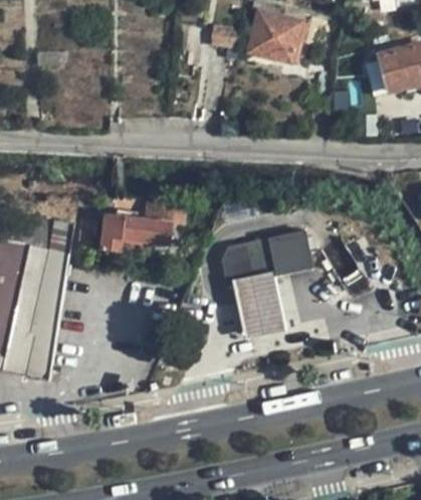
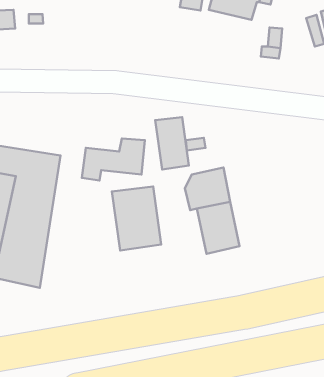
building: none -> [155,117,189,169]
building: [265,230,312,278] -> none
building: none -> [112,187,161,250]

